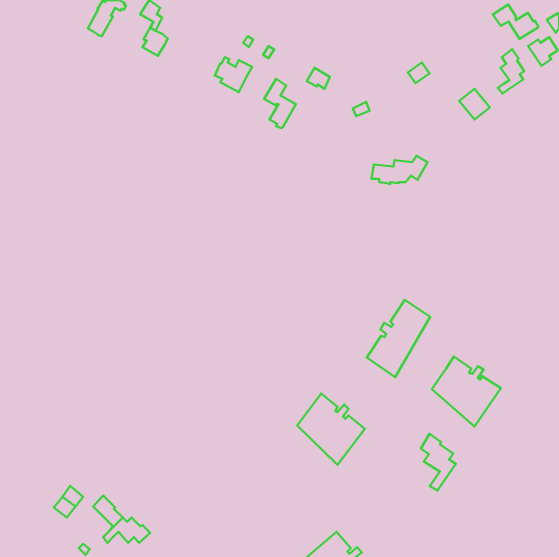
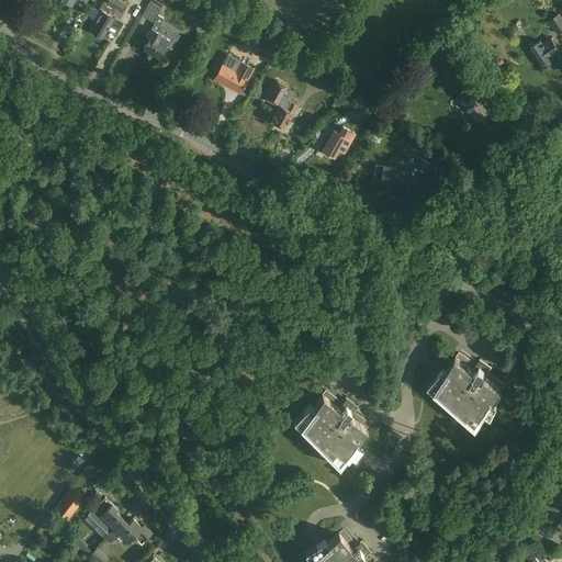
building: [493,4,538,39] -> none
building: [498,49,524,93] -> none
building: none -> [322,130,353,159]
building: [367,300,430,377] -> none
building: [421,434,456,490] -> none

